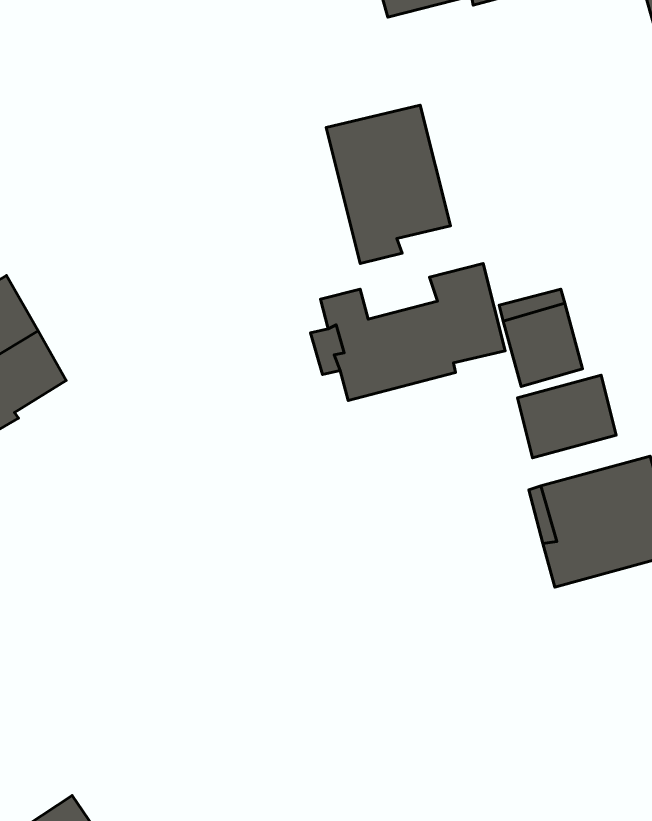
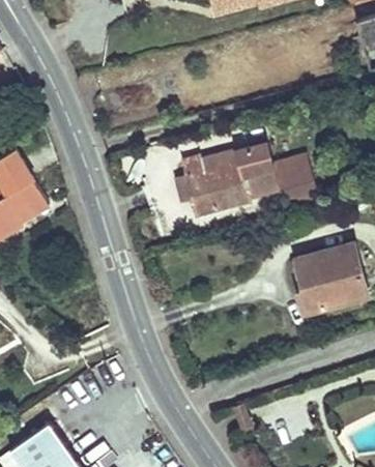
building: [326,105,450,264] -> none
building: [517,375,616,458] -> none

